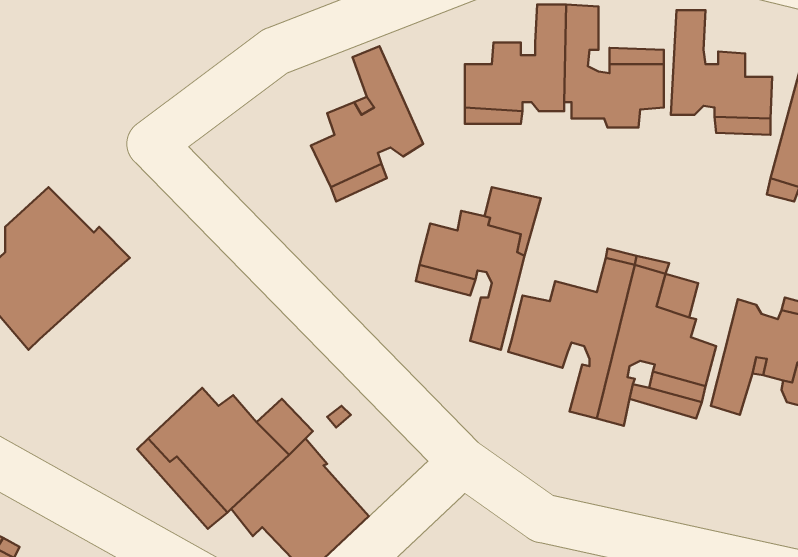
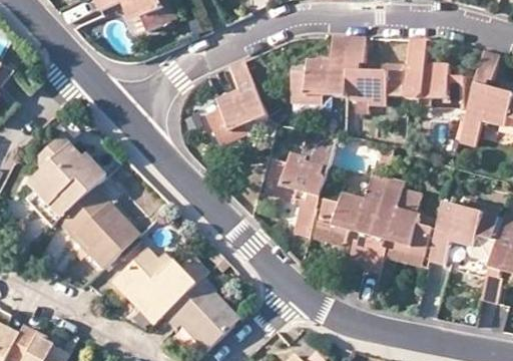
building: none -> [56,185,138,269]

